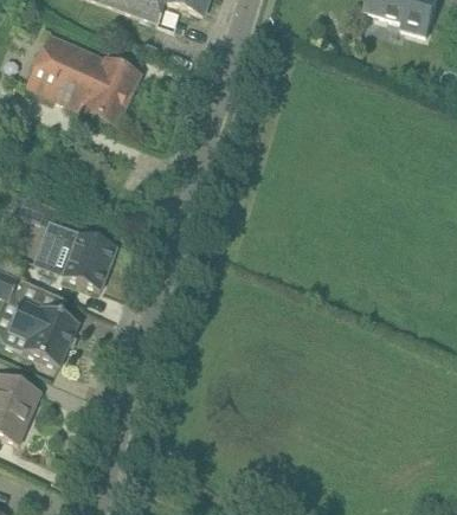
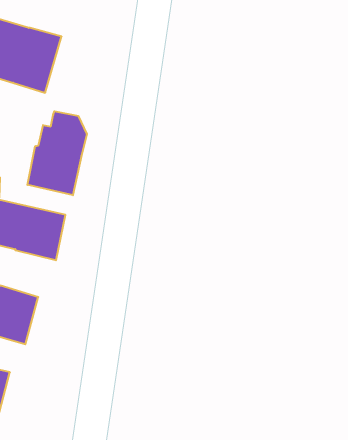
building: none -> [27,111,87,195]

